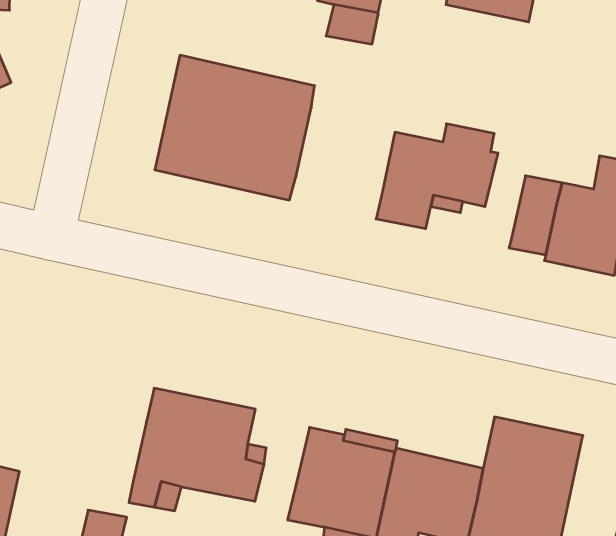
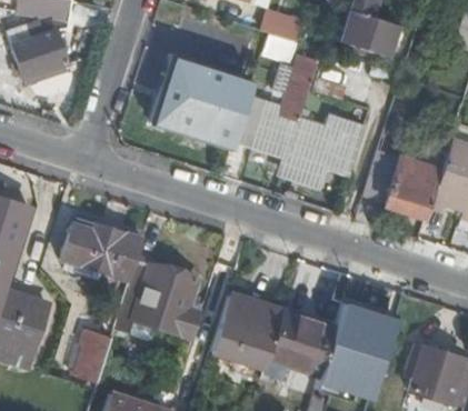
building: none -> [237,54,319,153]
building: none -> [61,222,145,281]

